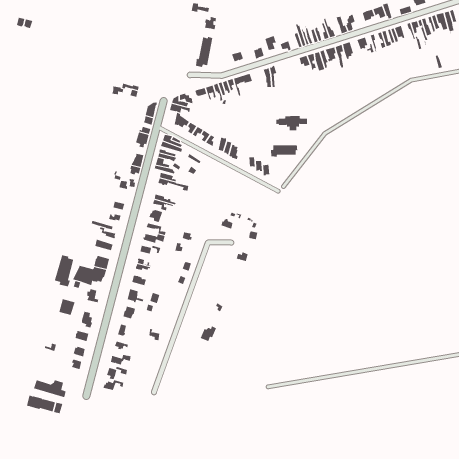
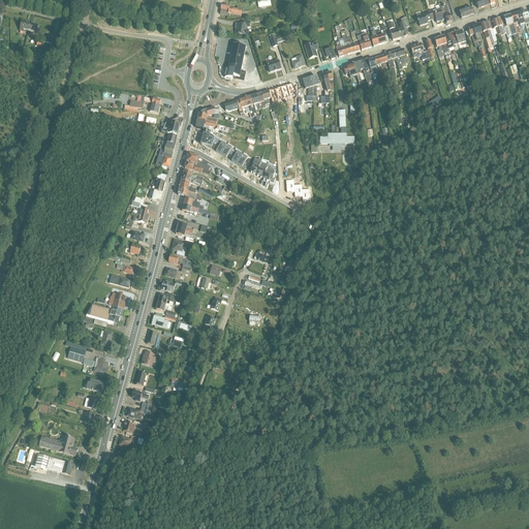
building: [270,145,298,158] -> none
building: [54,255,74,287] -> none

